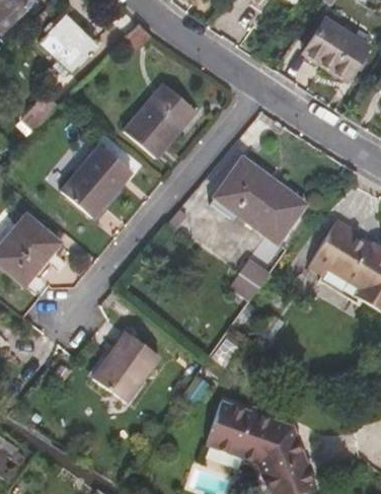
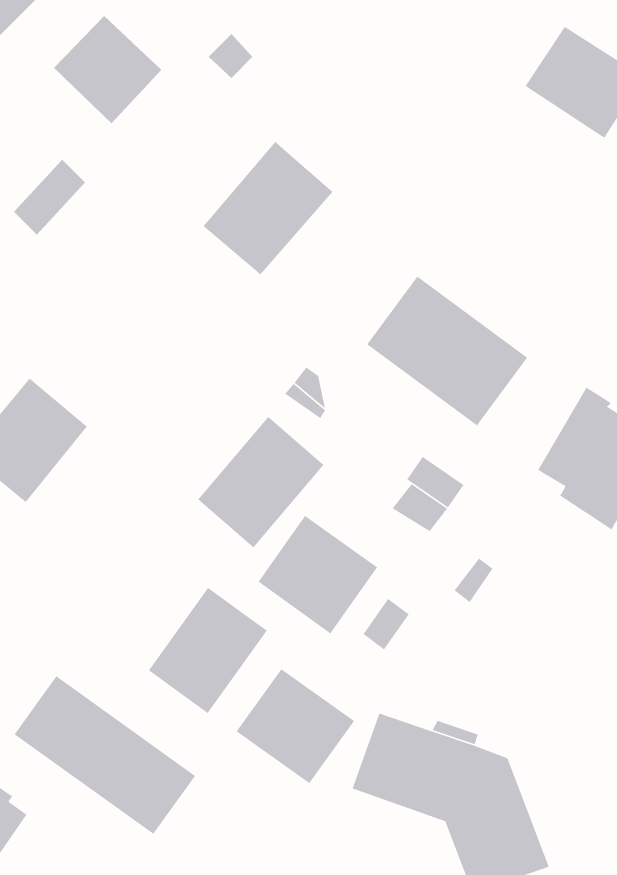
building: [61,144,132,218] -> [197,416,325,549]
building: none -> [257,515,378,634]
building: none -> [236,668,355,784]
building: none -> [14,675,196,835]

